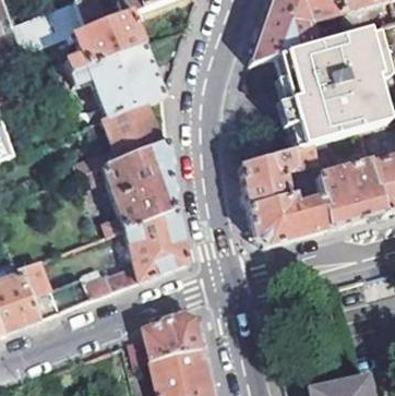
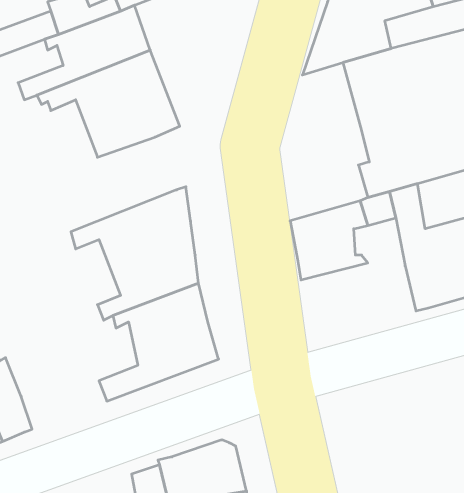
building: [68,105,155,175] -> none
building: [242,193,323,244] -> none
building: [46,274,106,310] -> none

